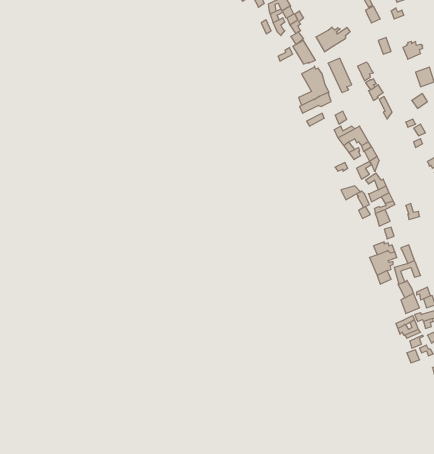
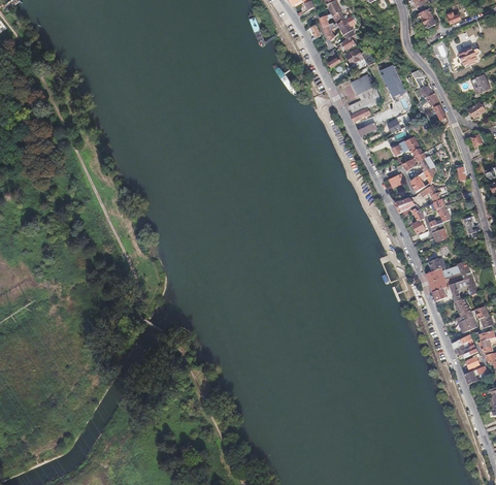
building: [316,27,350,52] -> none

